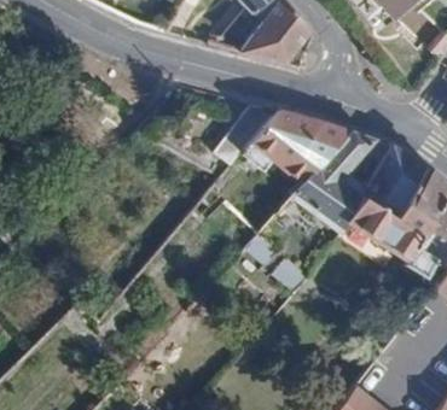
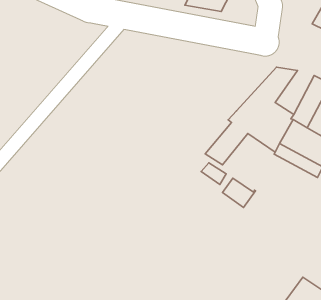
building: [215,106,349,180] -> none

